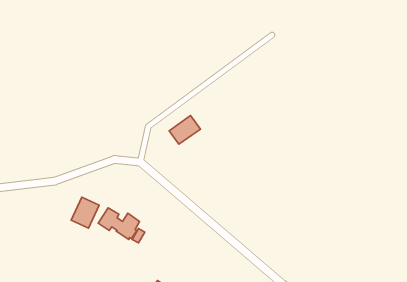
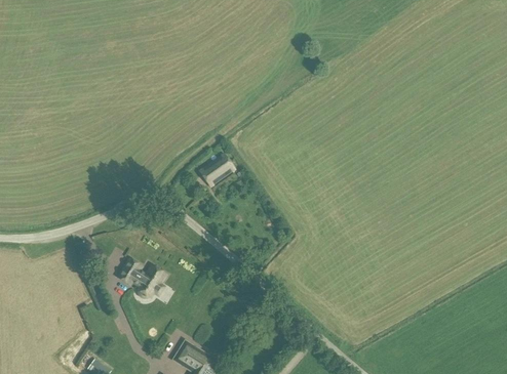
building: [71,197,99,228] -> none

